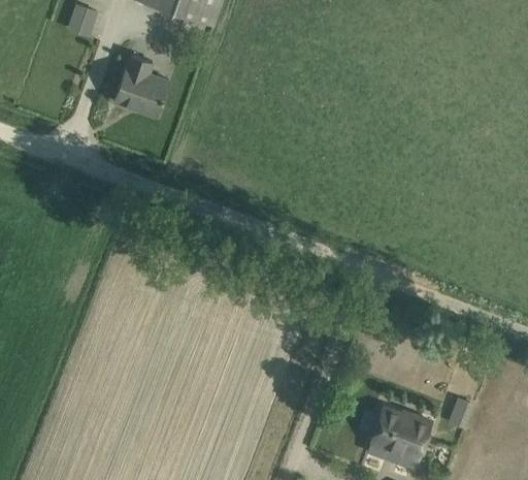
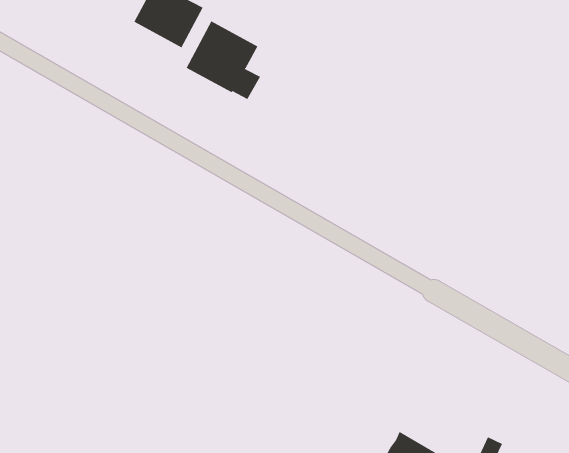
building: none -> [186,20,261,100]

